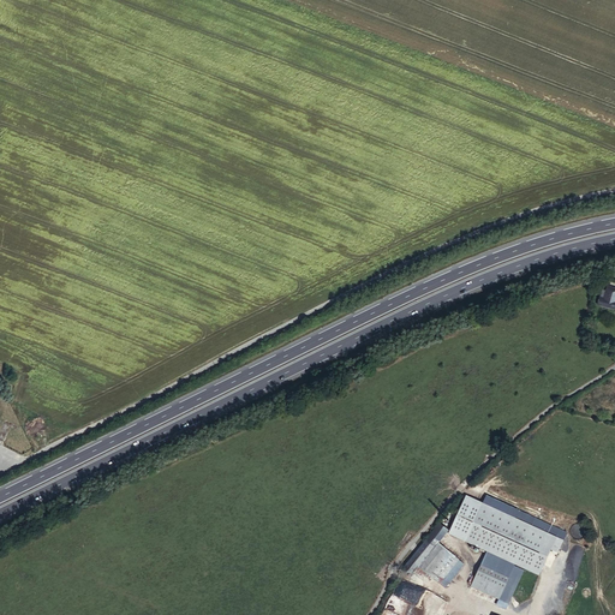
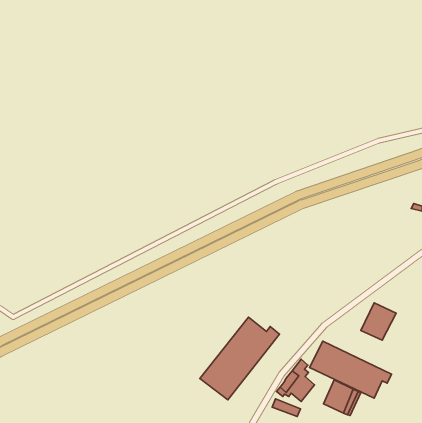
building: none -> [361,303,396,340]
building: none -> [200,317,279,400]

